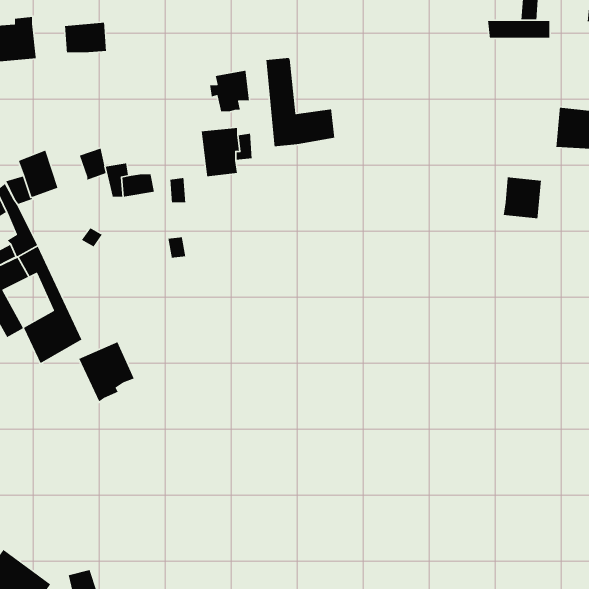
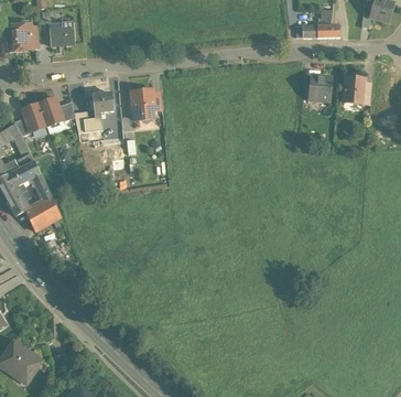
building: [265,57,335,147] -> none
building: [209,70,250,112] -> [89,90,113,116]
building: none -> [39,96,63,125]
building: [503,176,542,219] -> [308,74,332,99]
building: [78,341,135,402] -> none

